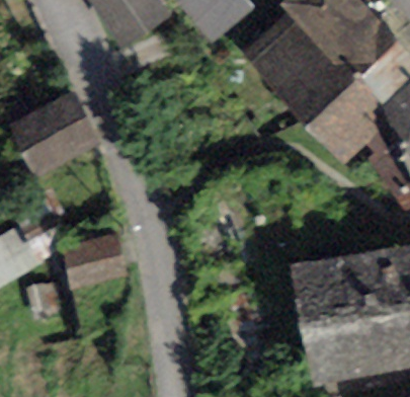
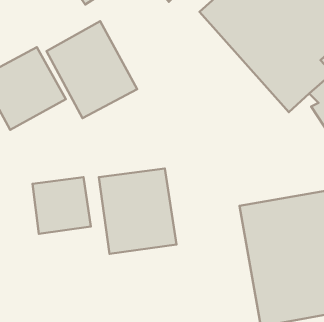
building: none -> [47,21,137,118]
building: none -> [99,168,176,254]

